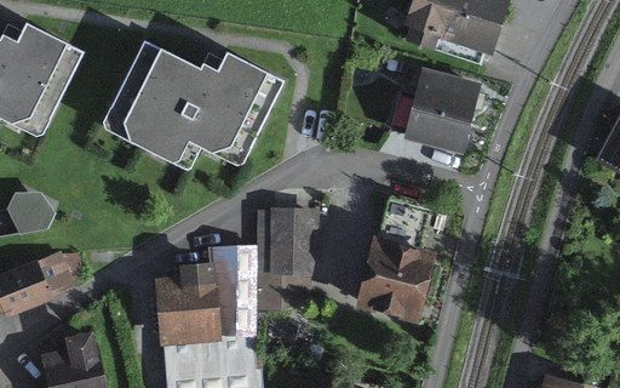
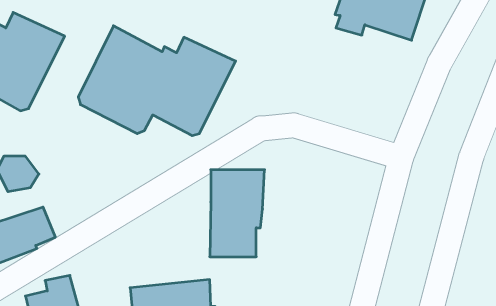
building: [404,68,481,153] -> none
building: [355,194,436,324] -> none
building: [154,245,257,346] -> none

